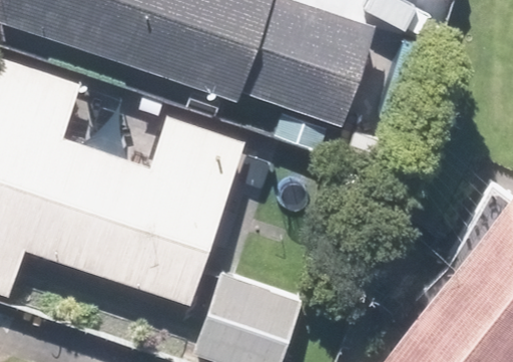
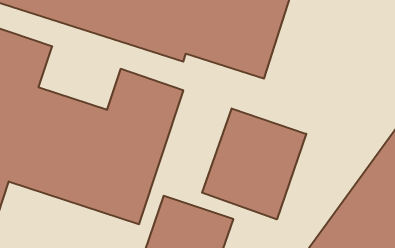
building: none -> [202,108,306,219]

